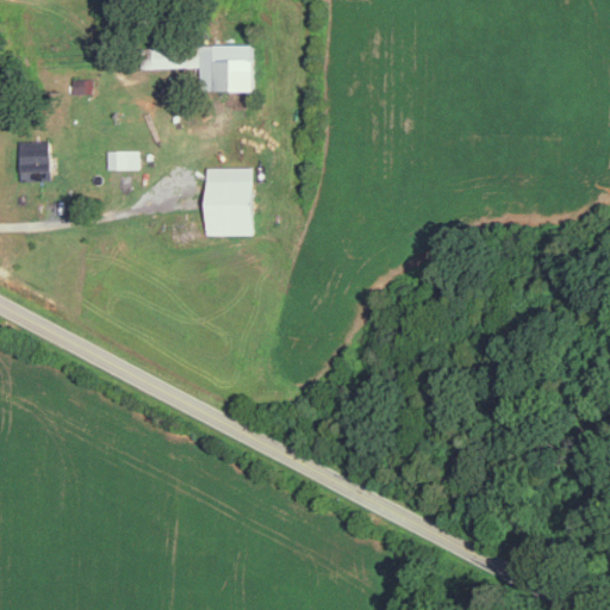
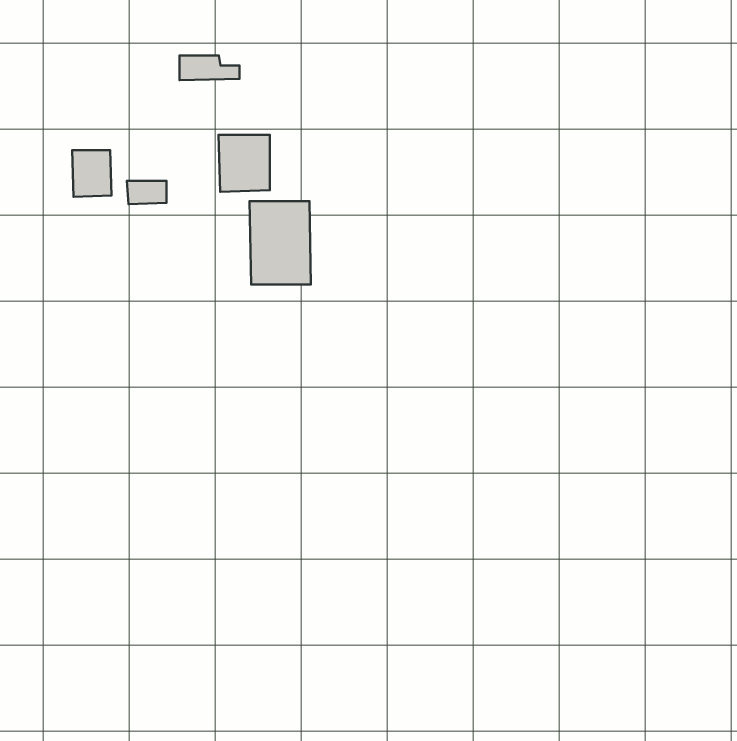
building: [211,45,253,92] -> [219,135,270,192]
building: [15,142,48,180] -> [72,150,112,197]

